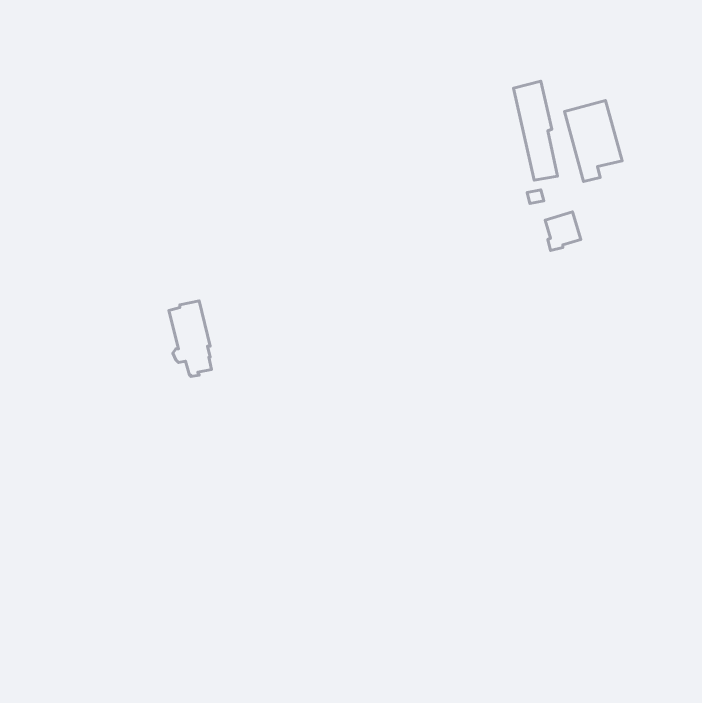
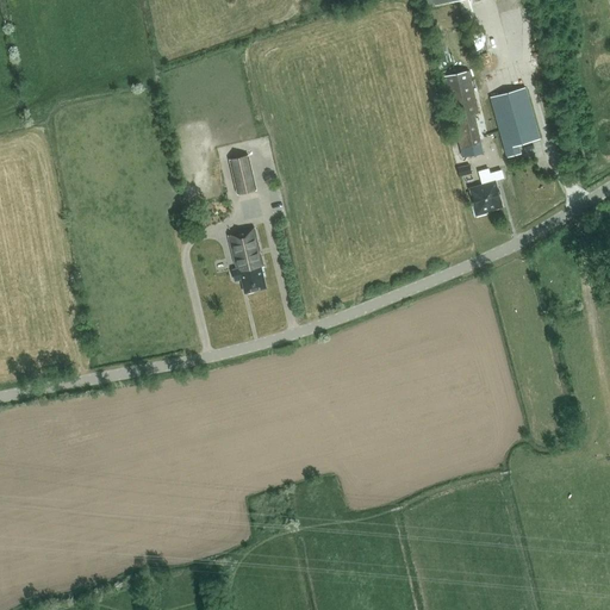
building: none -> [228,155,256,194]
building: [169,301,212,376] -> [229,228,266,293]

